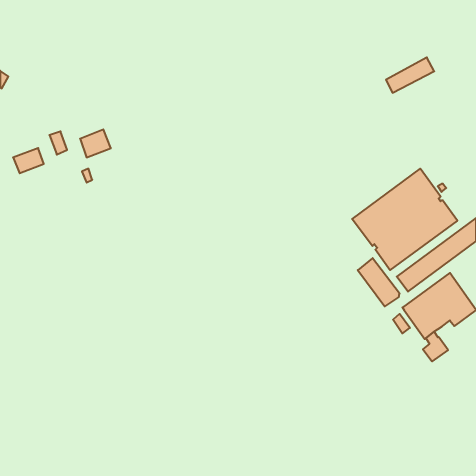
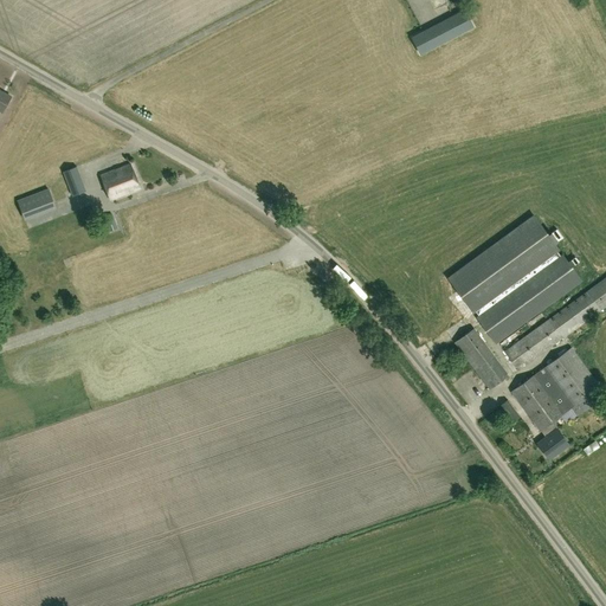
building: [386,57,434,93] -> [412,9,473,54]

